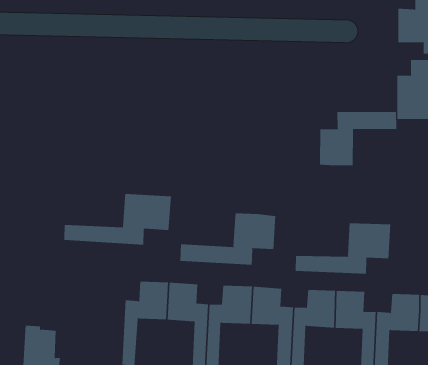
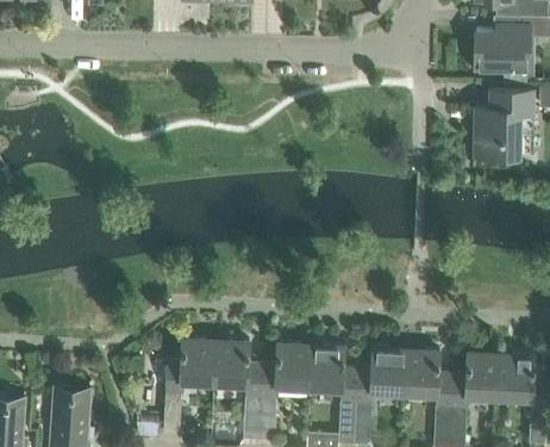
building: [320,111,397,166] -> none
building: [64,193,172,246] -> none
building: [180,212,276,265] -> none
building: [295,222,391,275] -> none

